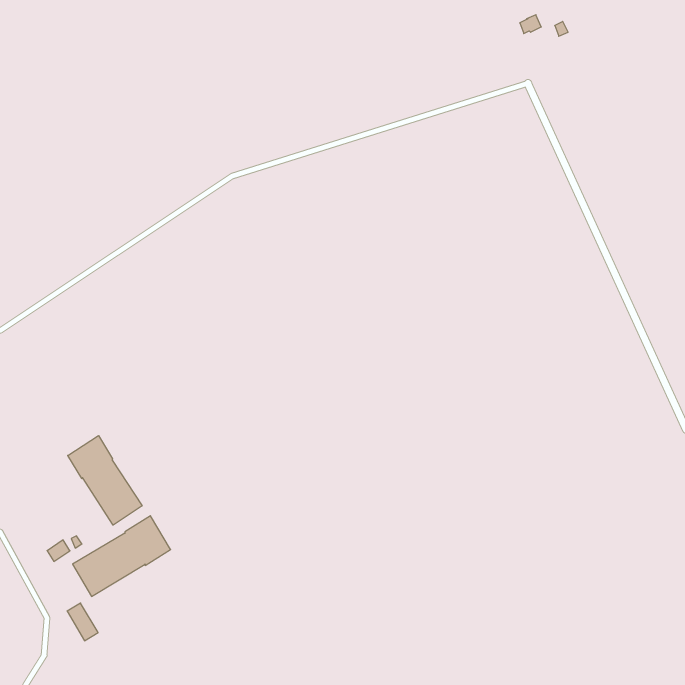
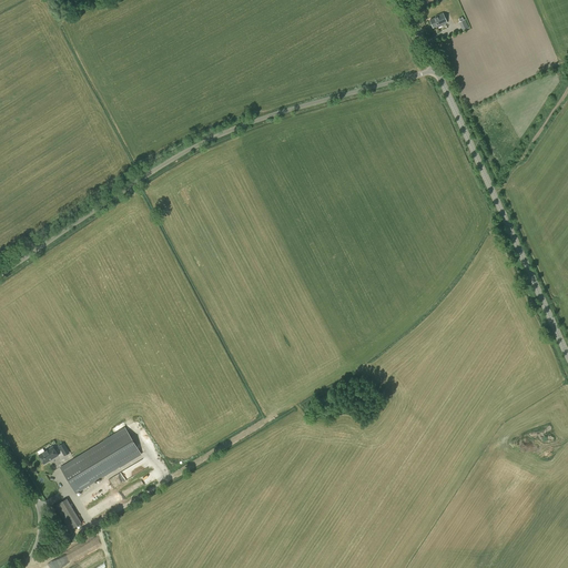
building: [68,436,142,525] -> none

